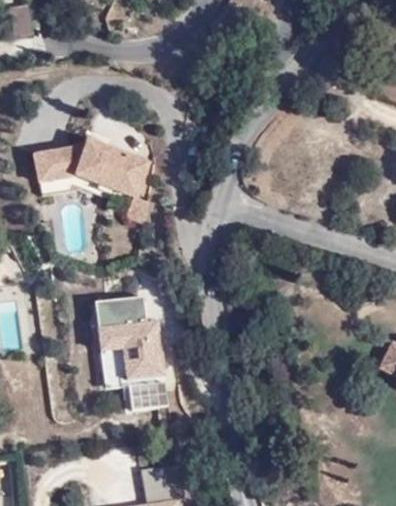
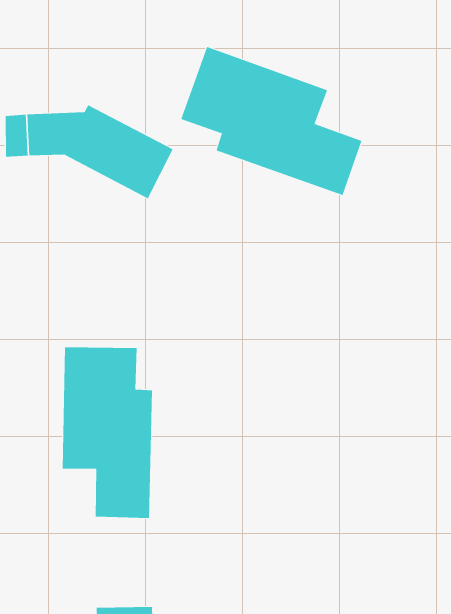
building: none -> [180,46,362,196]

